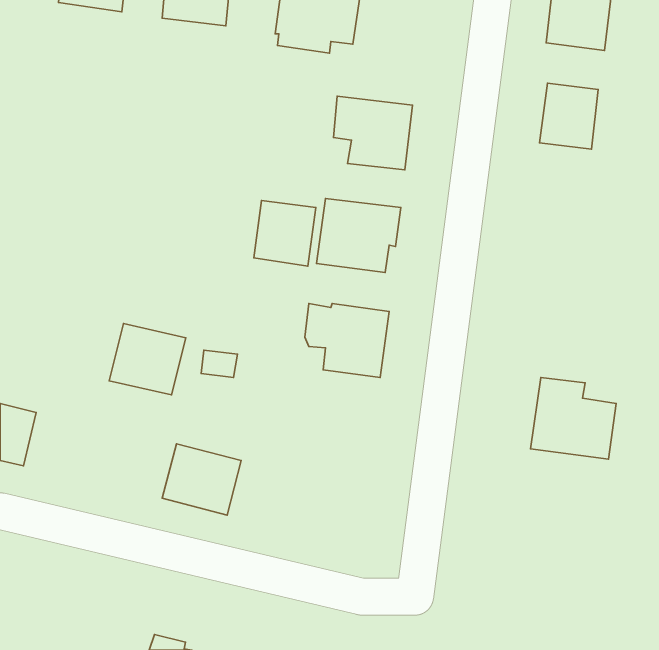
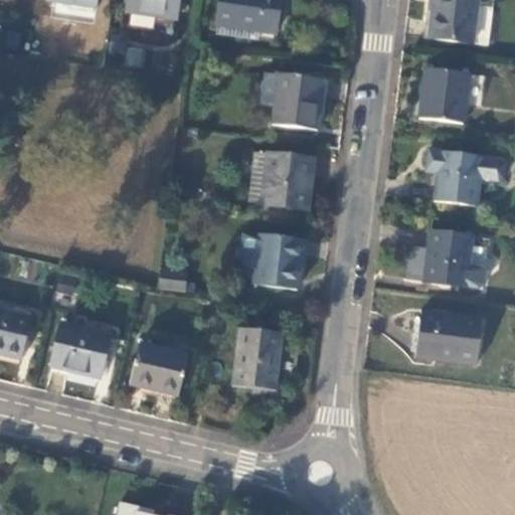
building: none -> [422,144,501,203]
building: [254,201,316,266] -> none
building: none -> [424,228,488,285]
building: [109,324,186,395] -> [51,325,111,380]
building: none -> [233,330,283,394]

